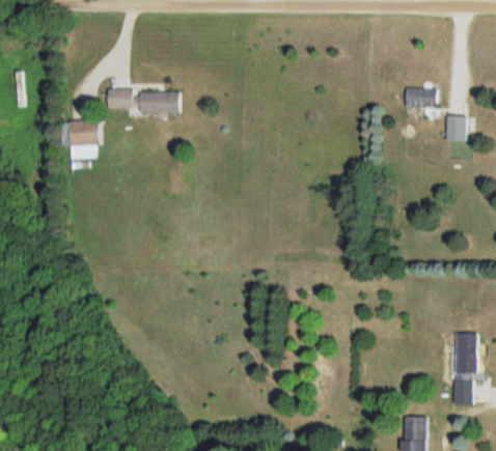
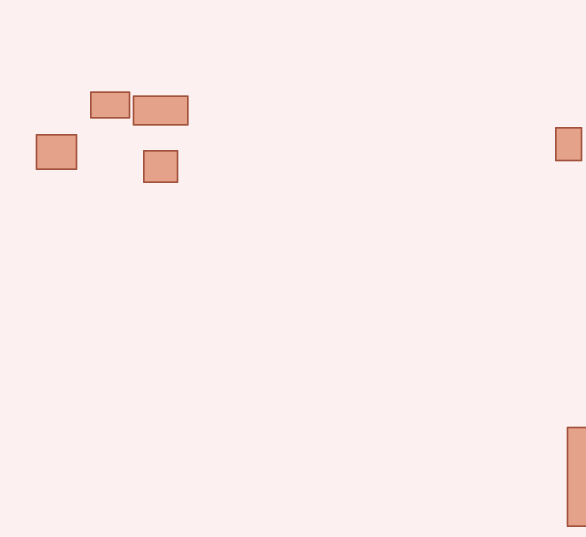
building: [405,89,436,107] -> none
building: none -> [144,151,177,182]

